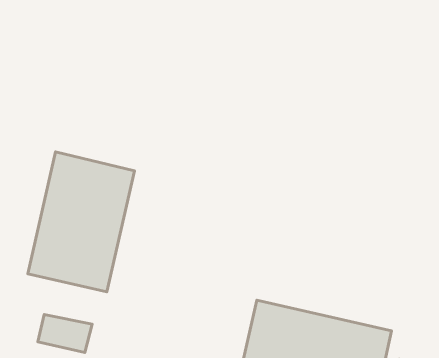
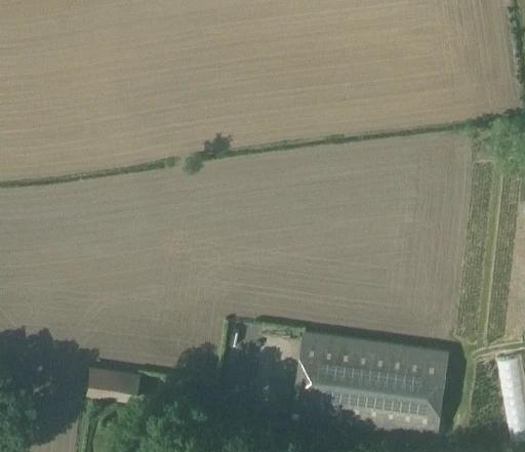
building: [28,152,134,292] -> none

